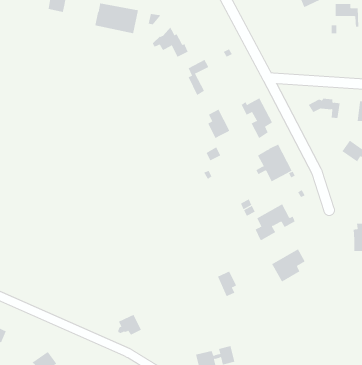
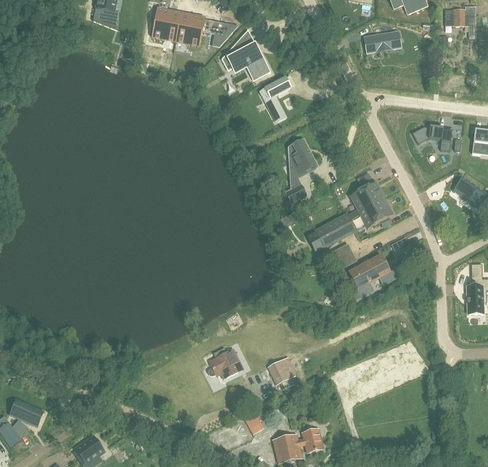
building: none -> [364,29,402,53]
building: [241,97,273,139] -> none
building: none -> [315,213,356,247]
building: [271,249,306,291] -> none
building: [217,271,237,297] -> [272,356,296,388]
building: [117,314,142,335] -> [207,351,237,377]

